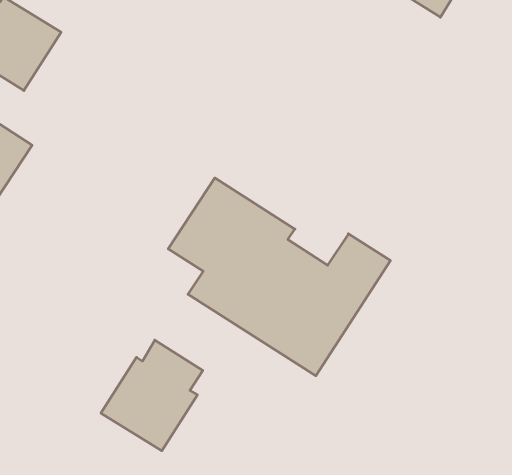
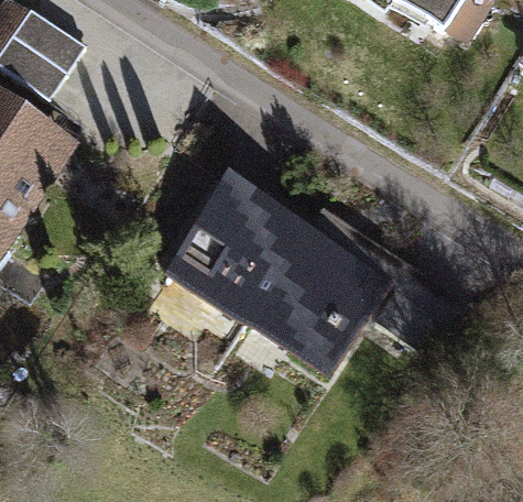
building: [101,340,203,451] -> none

